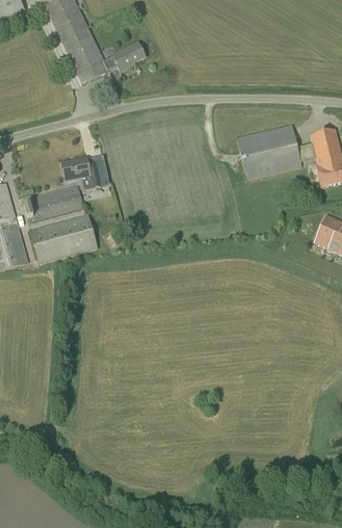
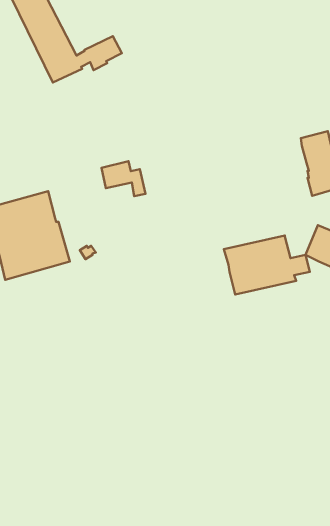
building: [236,124,315,178] -> [224,235,310,294]
building: [61,155,102,187] -> [101,161,146,196]

